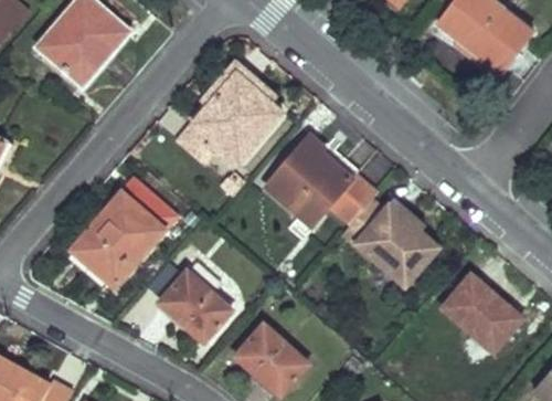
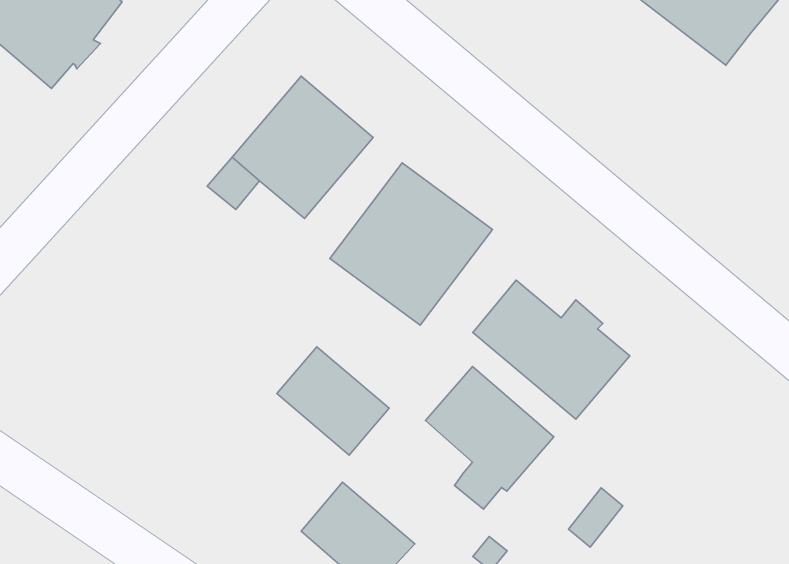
building: [328,176,375,224] -> none
building: [79,180,177,281] -> none
building: [162,273,231,339] -> [277,347,389,455]
building: [443,275,521,362] -> [426,366,554,509]

